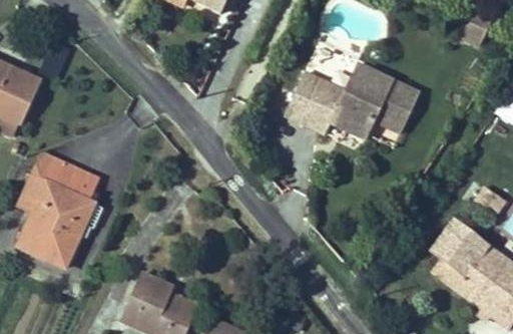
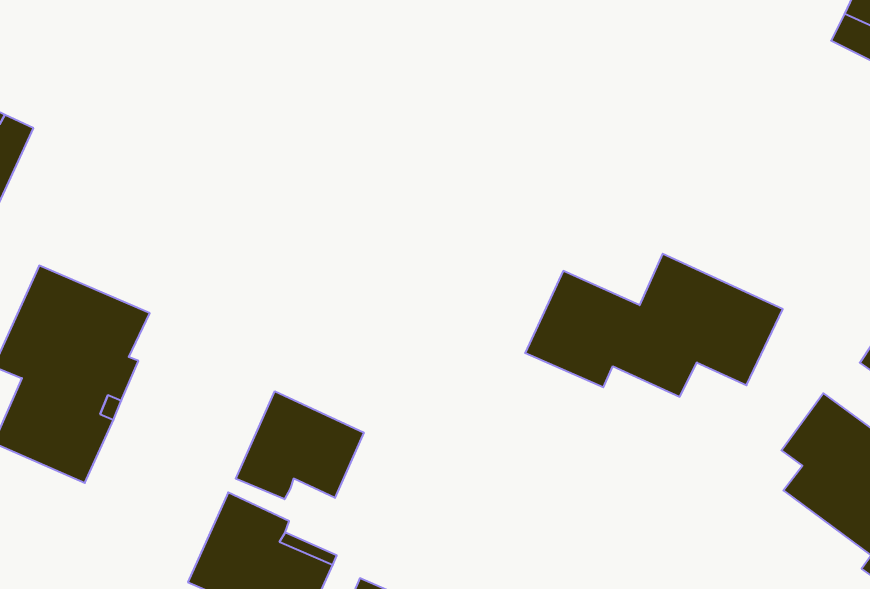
building: [284,63,419,138] -> [525,254,783,397]
building: none -> [236,391,364,499]

